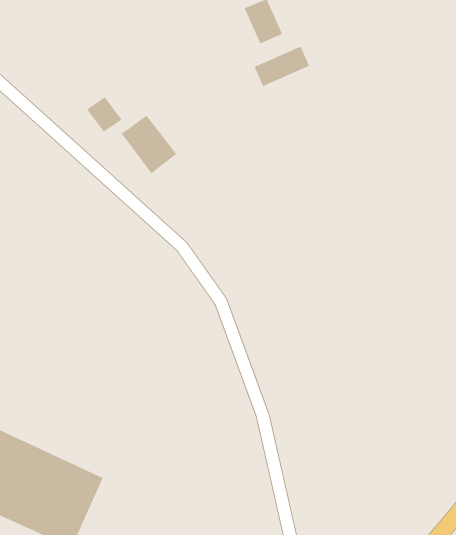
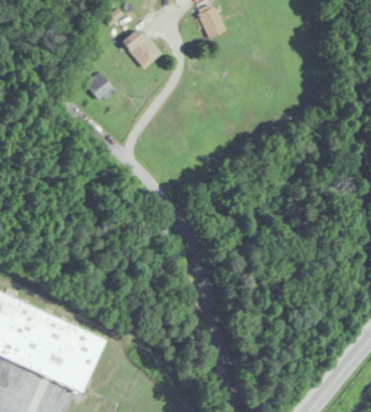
building: [254,46,310,87] -> none
building: [121,115,177,174] -> [122,27,161,68]

